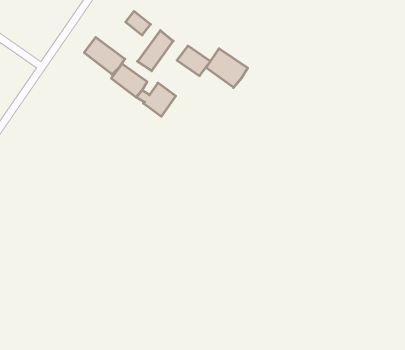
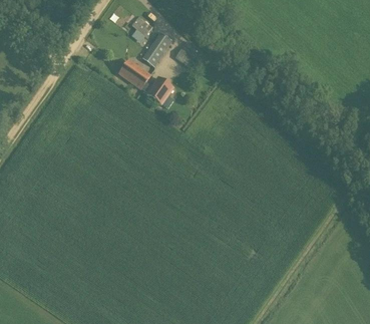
building: [84,37,125,75] -> none
building: [206,49,248,88] -> none

